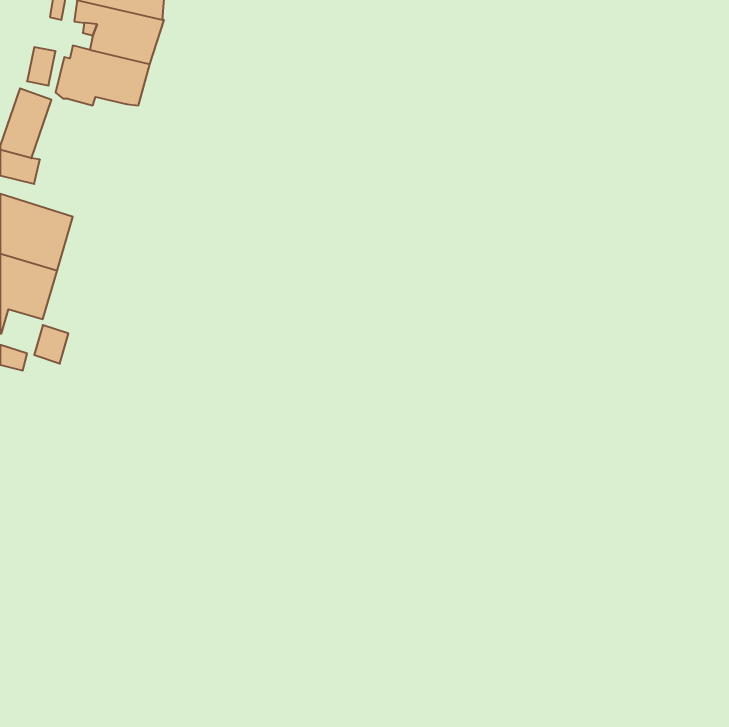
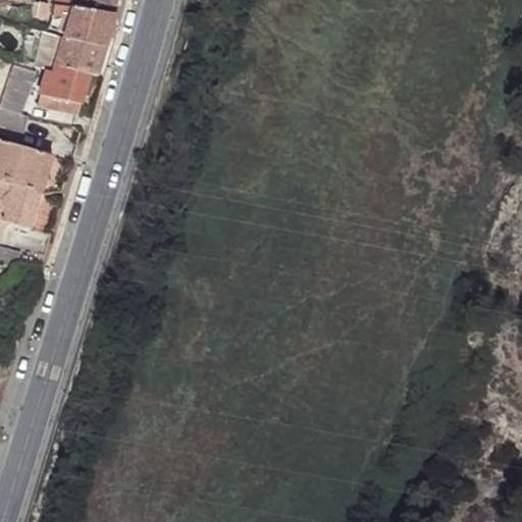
building: none -> [38,69,91,114]

